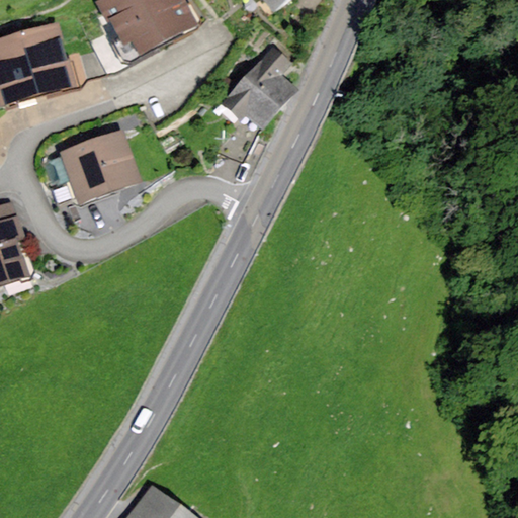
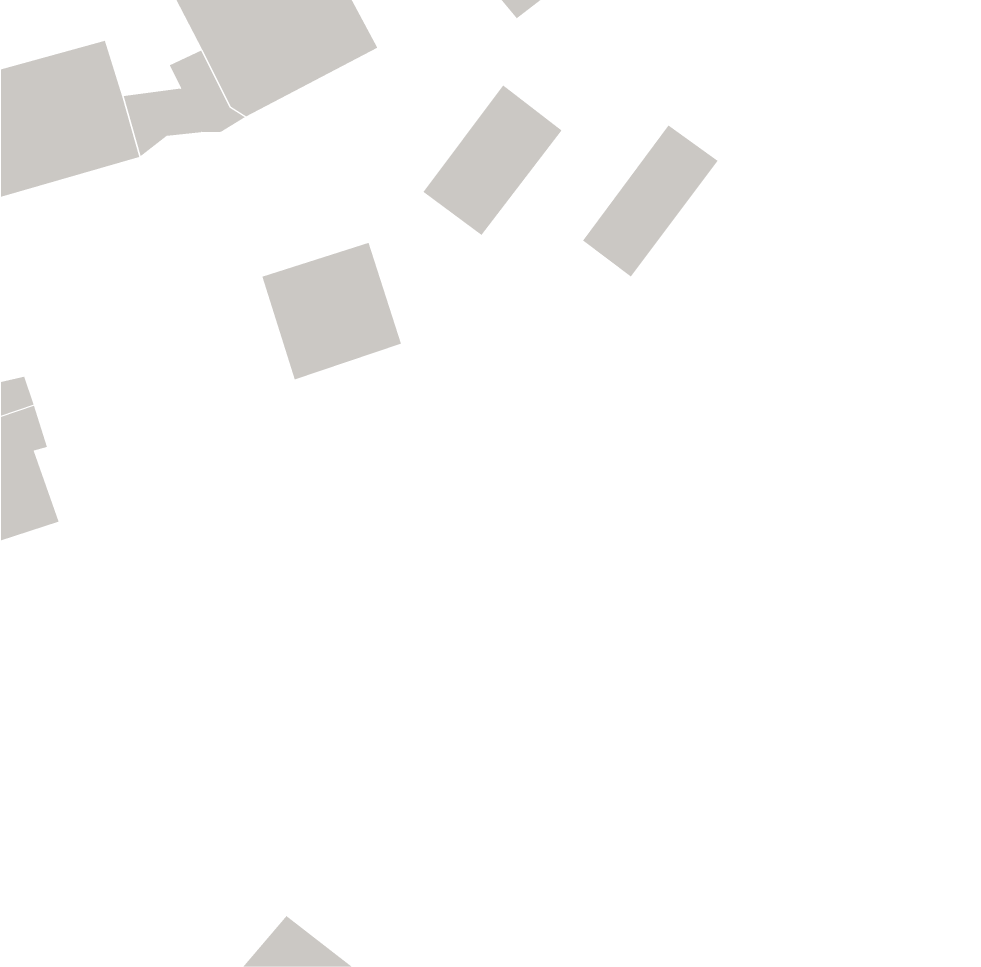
building: none -> [582,124,719,277]
building: [64,132,138,204] -> [262,242,402,380]

